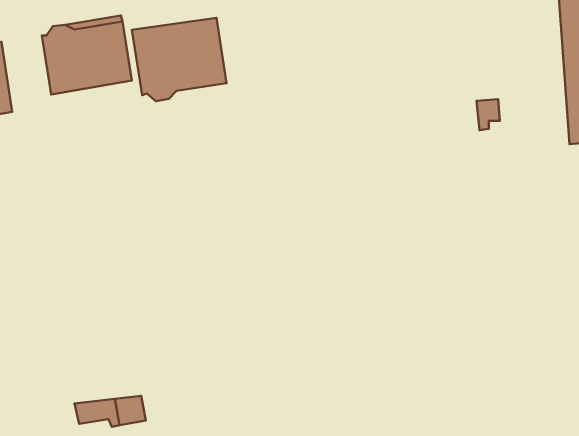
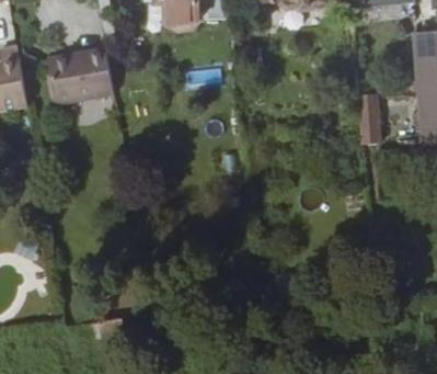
building: [132,18,227,101] -> none

